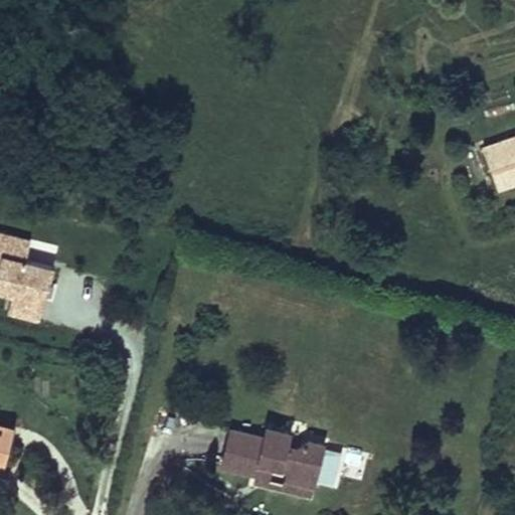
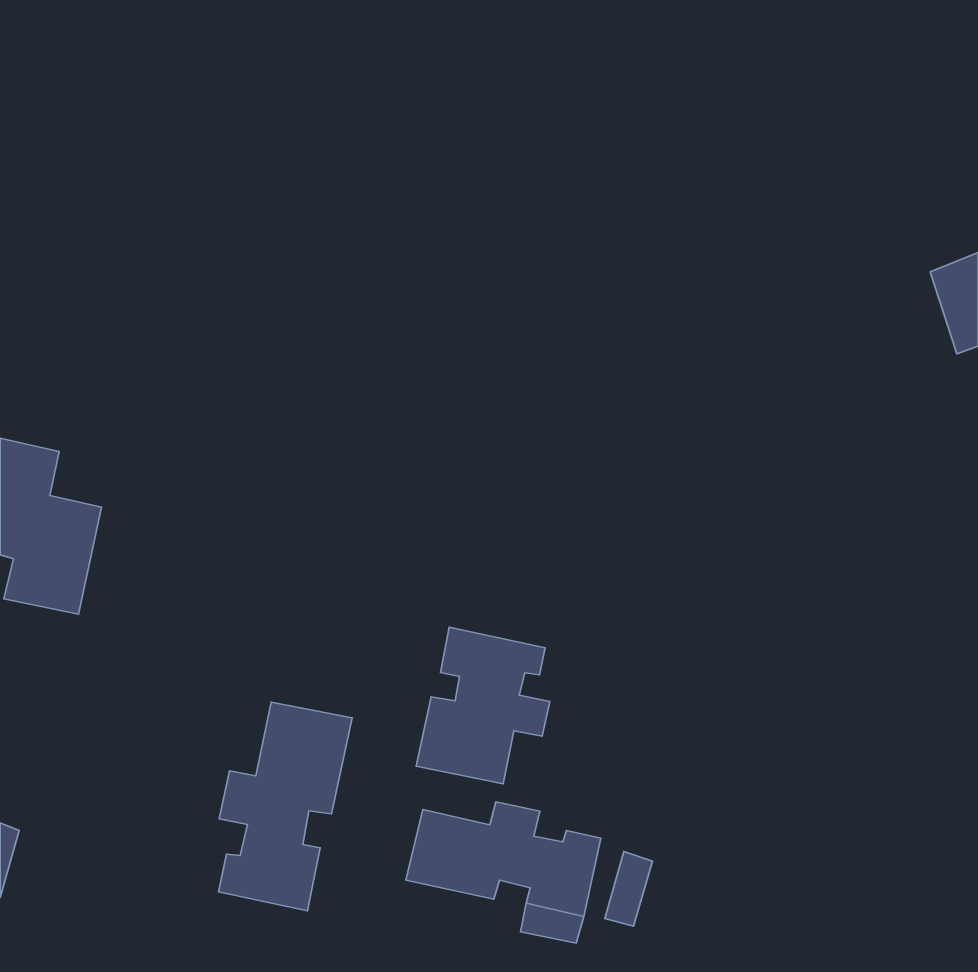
building: none -> [416,627,550,784]
building: none -> [219,702,352,911]

